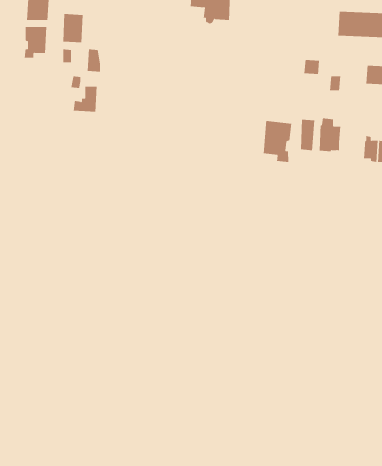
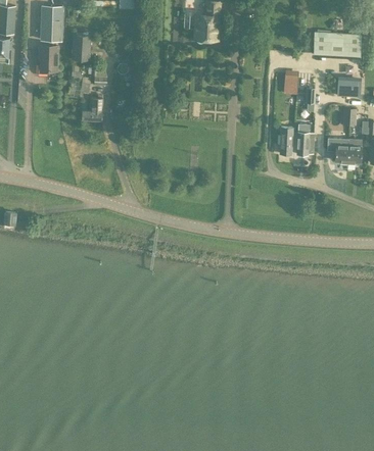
building: [263,120,292,163] -> none

